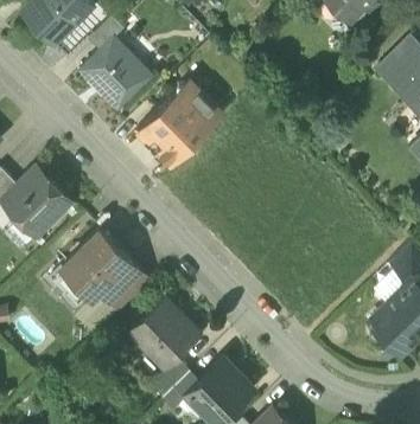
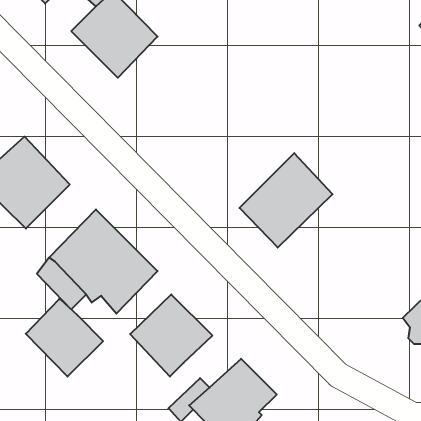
building: [139,82,219,163] -> [239,153,333,248]
building: none -> [26,299,103,377]
building: [148,358,189,397] -> none

